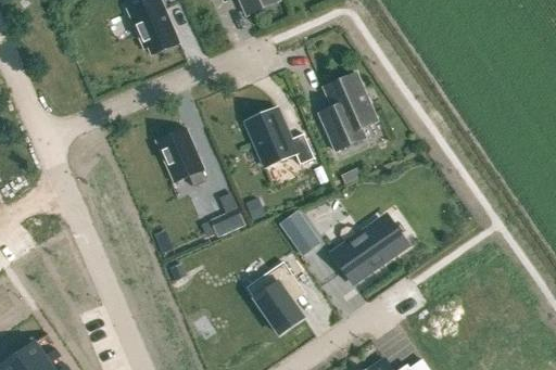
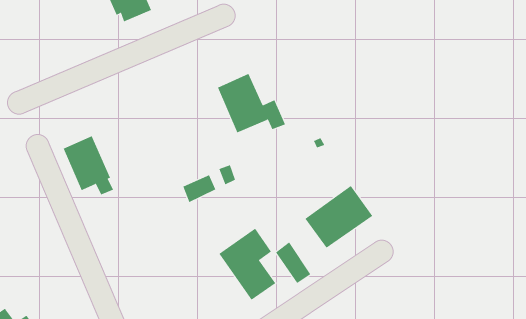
building: [318,73,377,150] -> none
building: [155,127,206,187] -> [63,135,114,195]
building: [280,212,316,254] -> [275,242,311,284]

